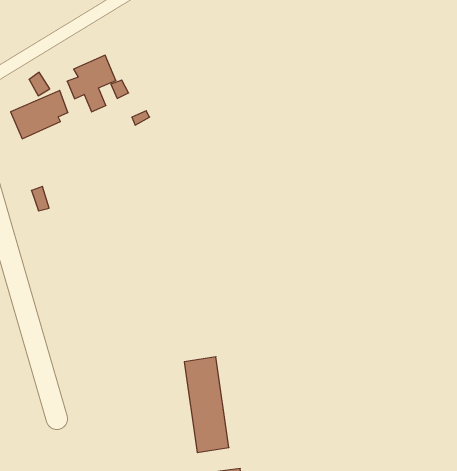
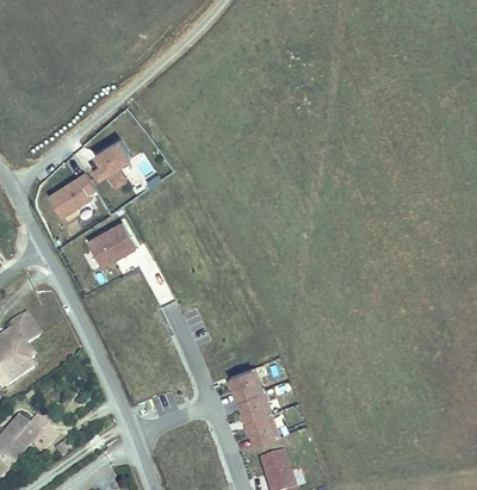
building: none -> [91,223,138,267]

